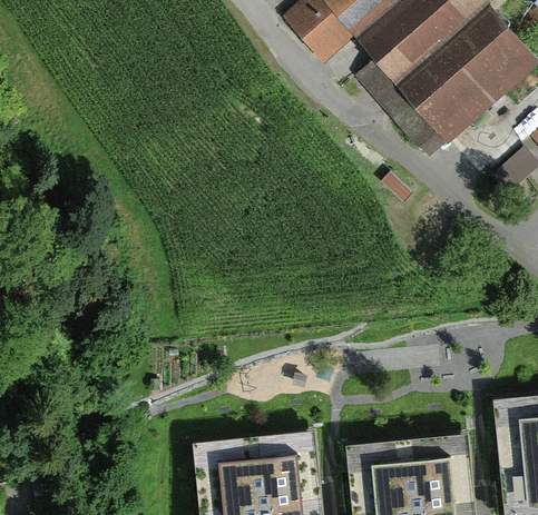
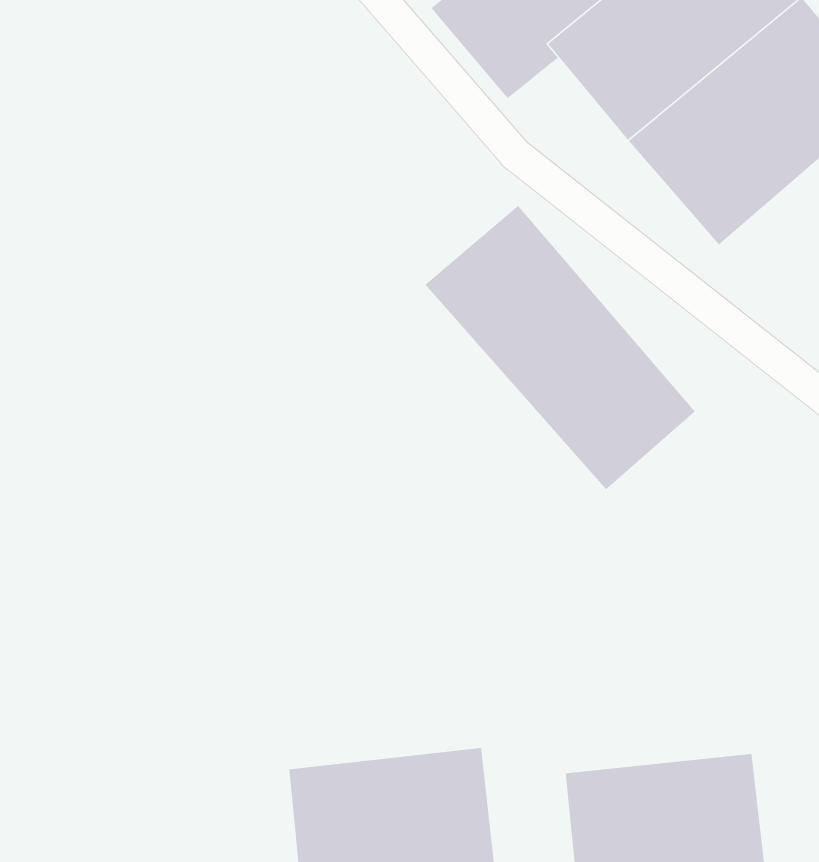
building: none -> [424,205,696,490]

